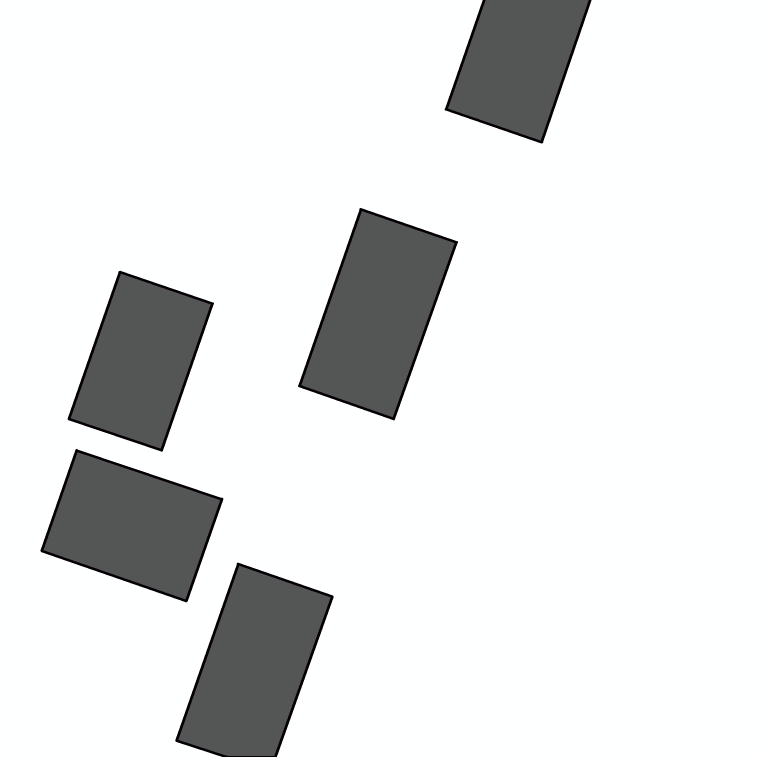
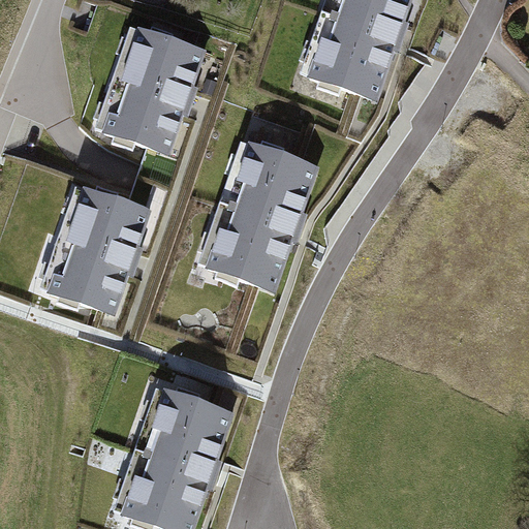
building: none -> [102,29,201,152]
building: [42,450,222,601] -> none

